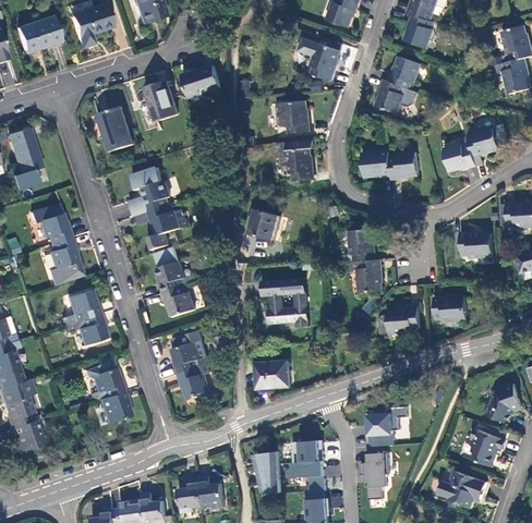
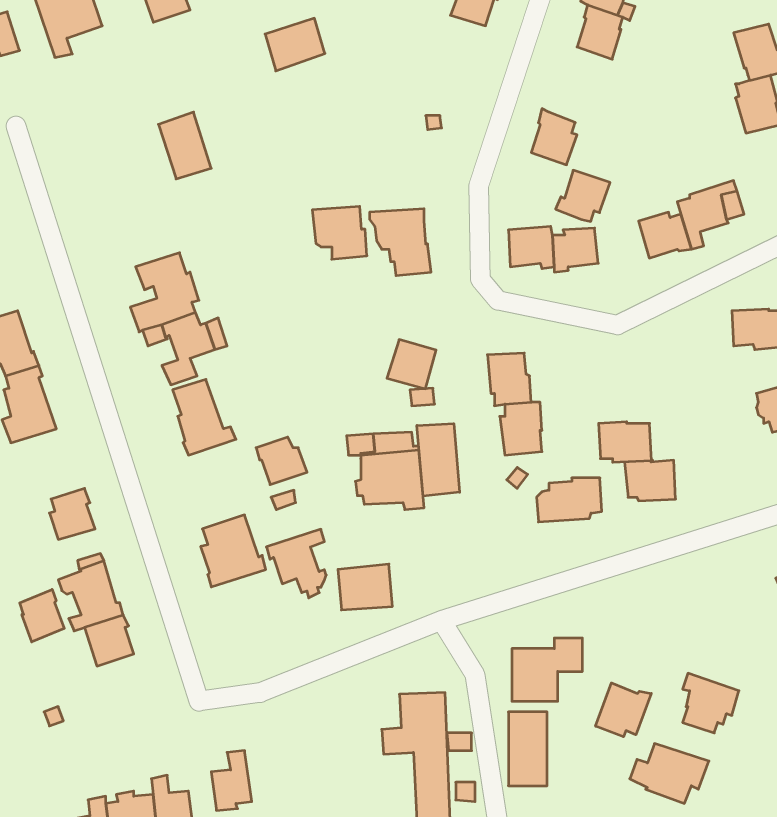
building: [310,42,339,81] -> none
building: [386,56,420,87] -> [556,170,610,221]
building: [182,64,219,97] -> [265,18,325,71]
building: [275,100,309,133] -> [312,206,367,259]
building: [97,106,132,151] -> none
building: [247,208,278,239] -> [387,340,436,389]
building: [459,231,492,256] -> [599,422,651,462]
building: none -> [417,424,460,496]
building: [162,285,194,315] -> [256,437,307,485]
building: [66,290,98,319] -> none
building: [177,363,214,405] -> [266,529,326,598]
building: none -> [20,589,64,642]
building: [483,384,521,423] -> none
building: none -> [596,683,651,737]
building: [256,450,279,494] -> none
building: [197,474,223,509] -> none

